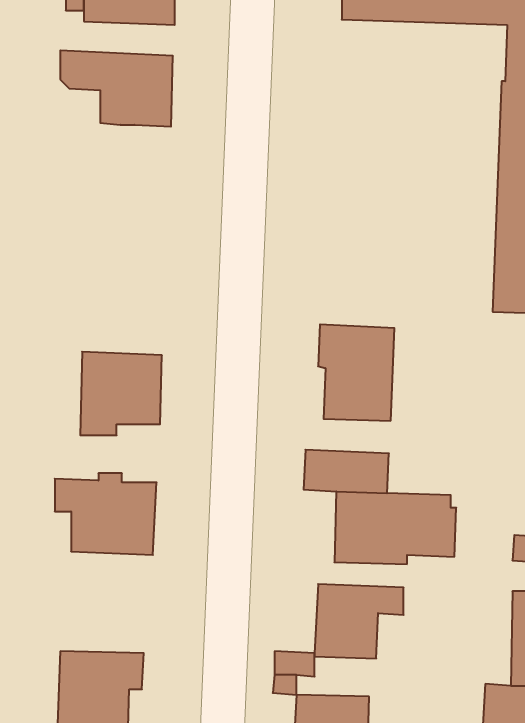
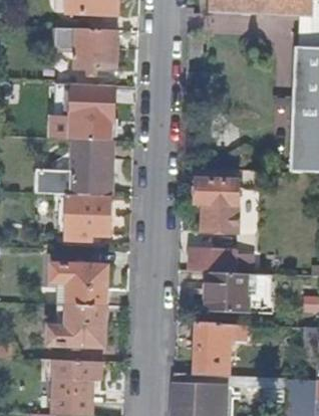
building: none -> [71,84,113,123]
building: none -> [36,140,112,197]
building: none -> [50,305,105,351]

